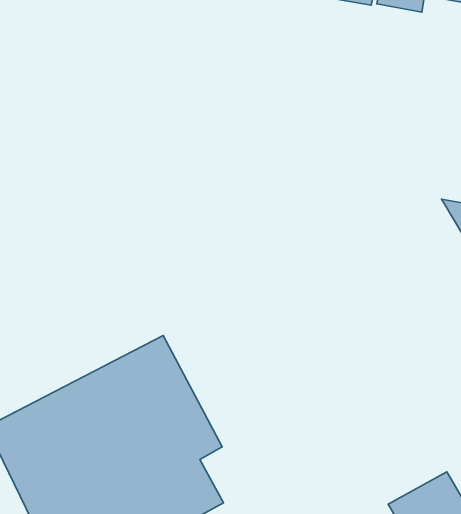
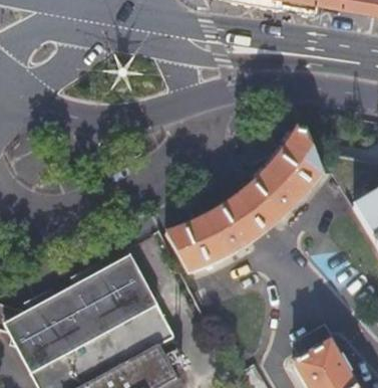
building: none -> [161,125,329,272]

